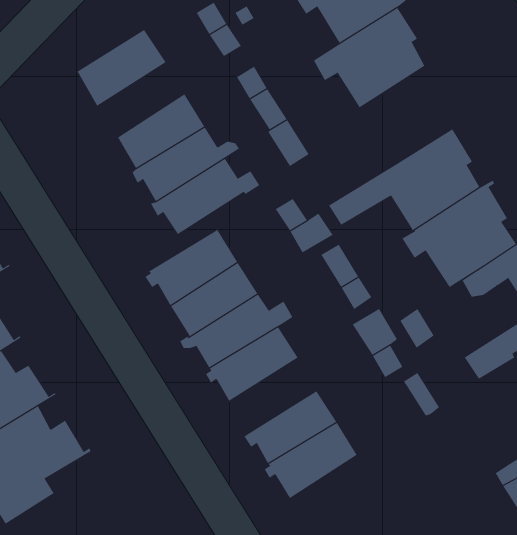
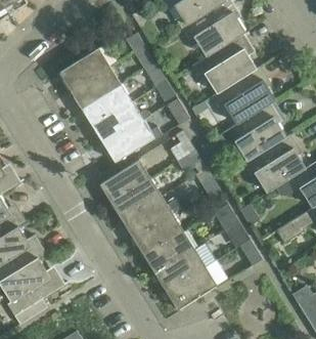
building: none -> [210,62,274,123]
building: none -> [71,66,120,108]
building: none -> [144,230,193,272]

